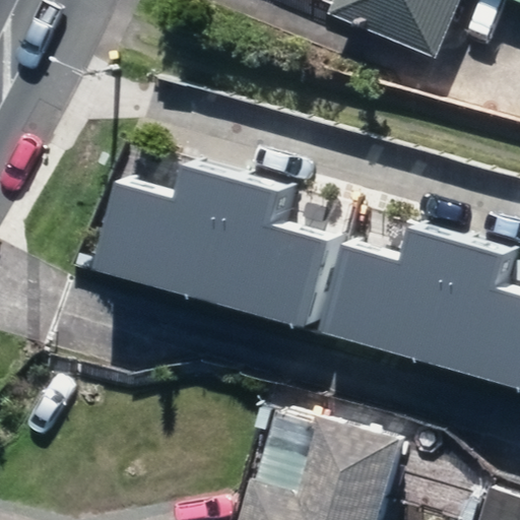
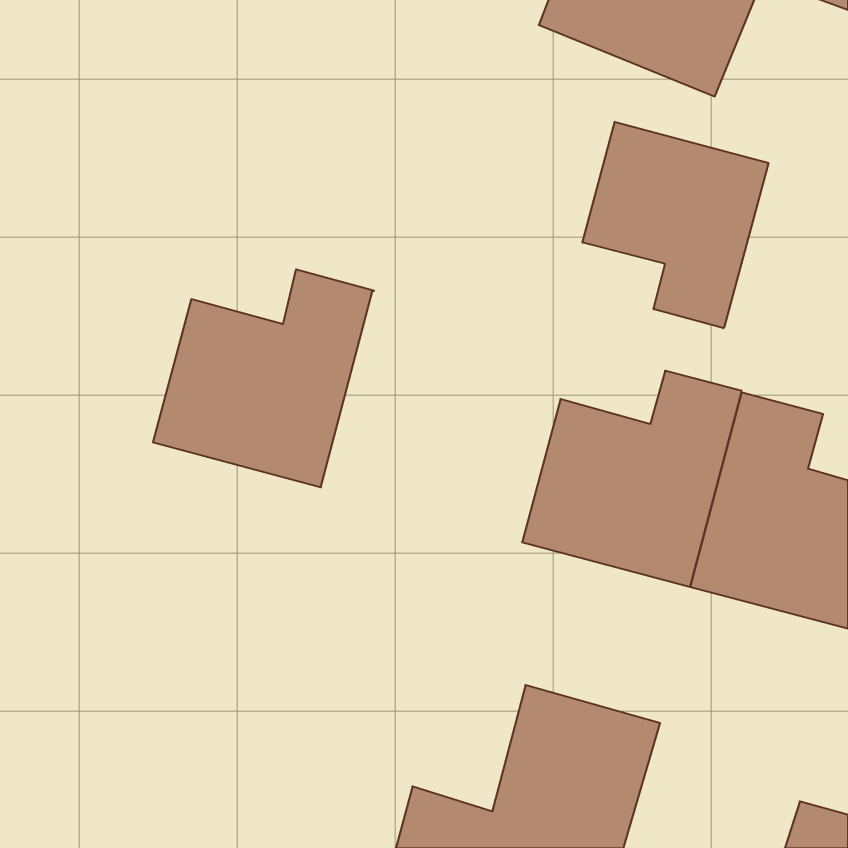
building: none -> [582,122,768,328]
building: [196,178,326,326] -> none

